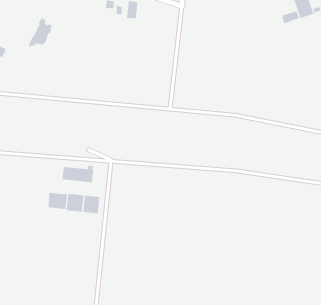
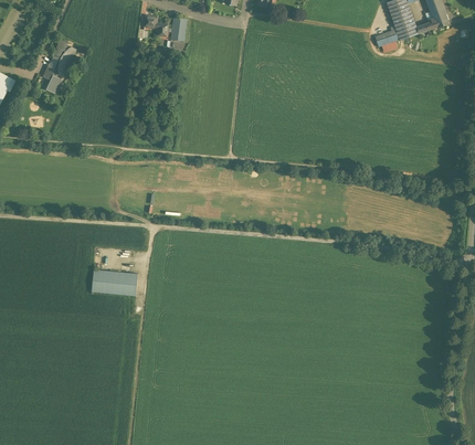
building: [62,165,94,183] -> none
building: [48,192,67,210] -> none

